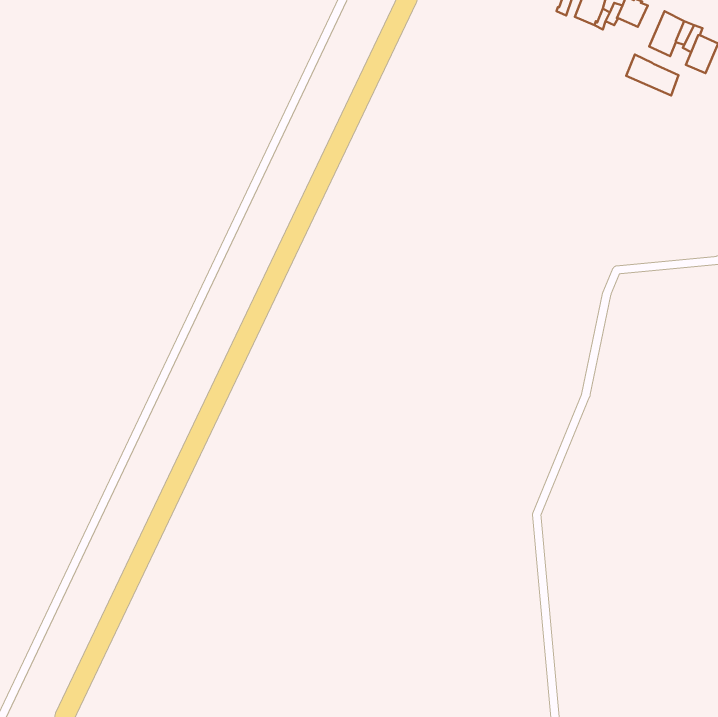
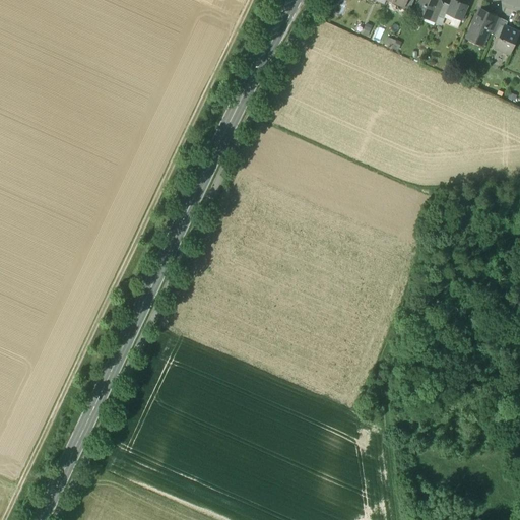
building: [626,55,678,96] -> none

